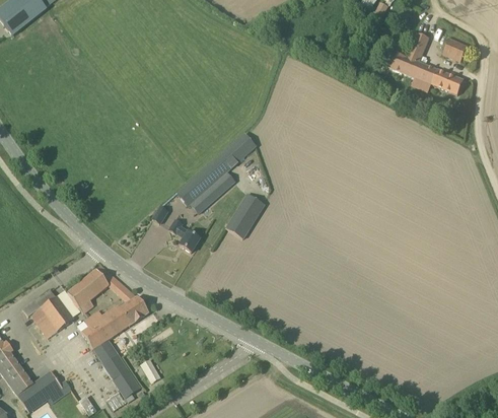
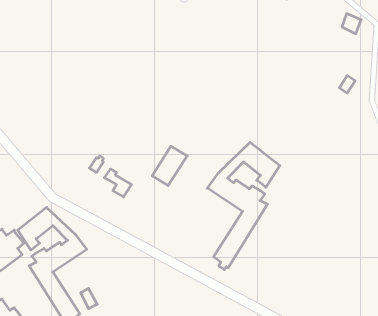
building: [383,32,464,94] -> none
building: [175,132,256,215] -> none
building: none -> [207,142,280,270]

